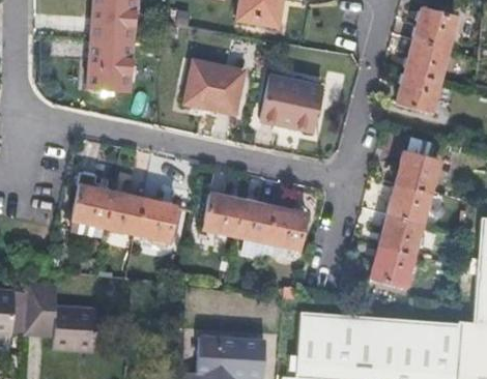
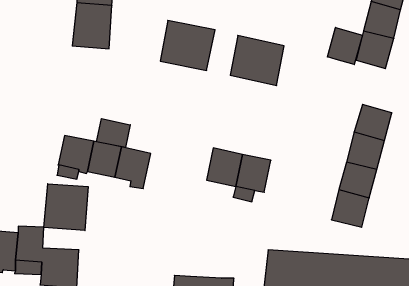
building: none -> [327,27,362,65]
building: none -> [97,119,130,147]
building: [202,193,241,234] -> none
building: none -> [44,184,88,231]

